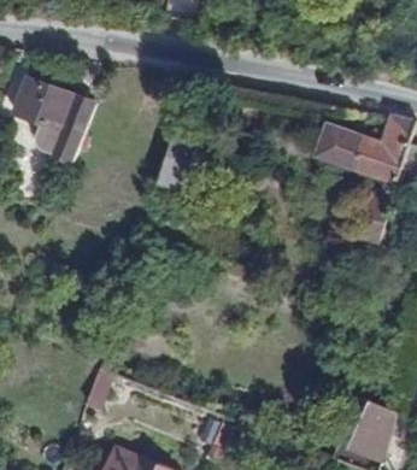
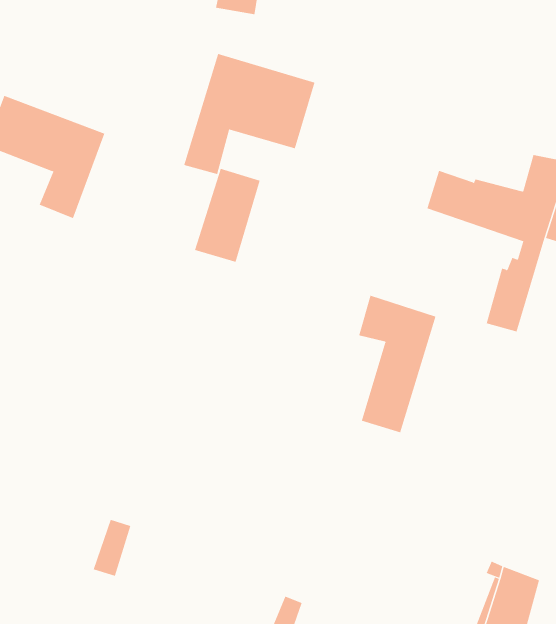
building: none -> [184,53,315,175]
building: none -> [358,295,436,433]

